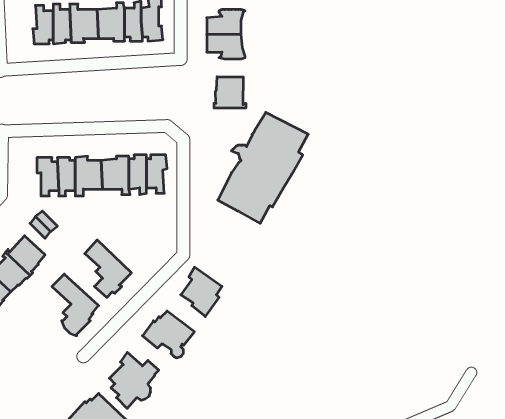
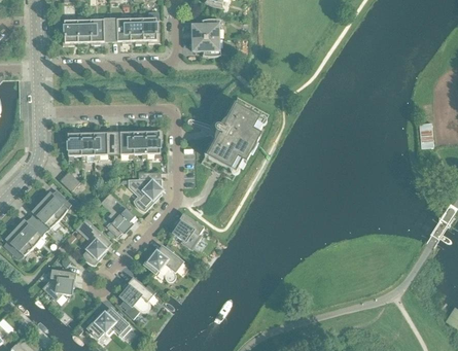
building: [214,77,246,108] -> none
building: none -> [118,177,163,210]
building: none -> [42,266,75,299]

